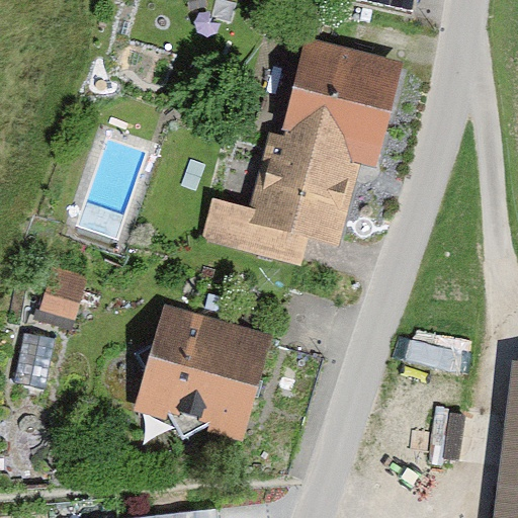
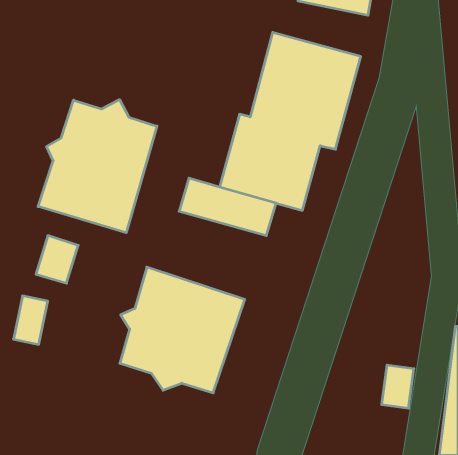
building: none -> [38,100,157,233]

